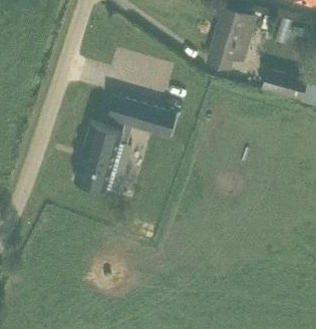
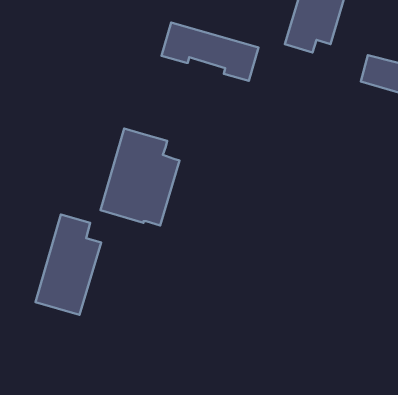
building: [106,96,177,138] -> [162,23,259,81]
building: none -> [36,214,101,315]

